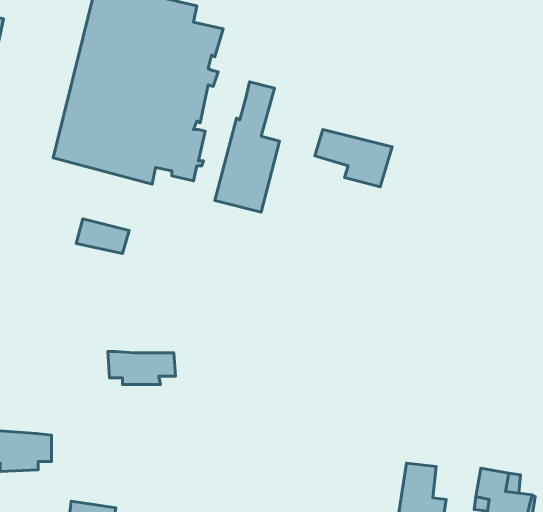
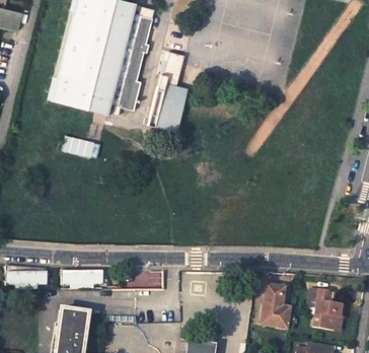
building: [315,129,392,187] -> none
building: [108,351,175,384] -> [64,269,105,289]
building: none -> [135,271,165,289]

